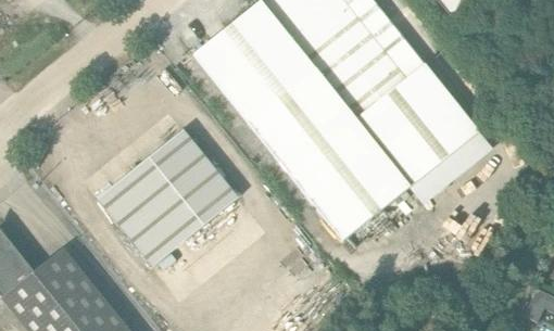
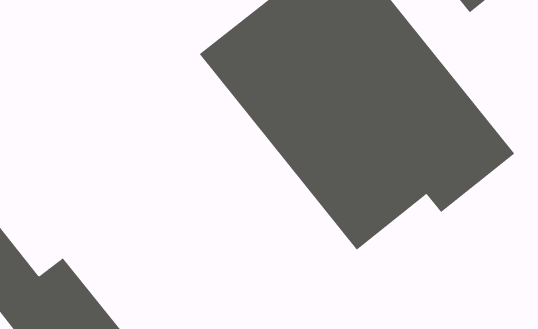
building: [96,128,237,267] -> none

